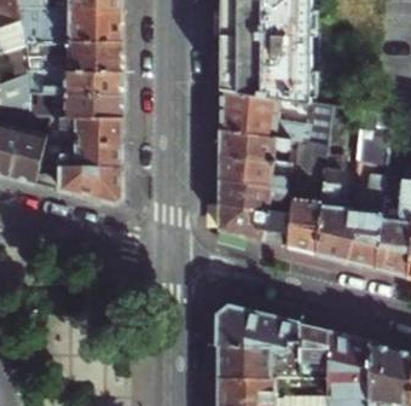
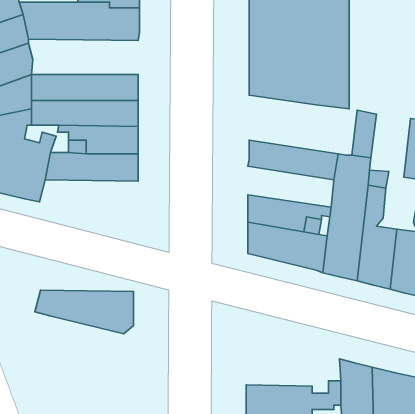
building: [25,40,122,71] -> none
building: [220,89,307,143] -> none
building: [219,152,295,188] -> none
building: [35,164,122,203] -> [35,290,133,334]
building: [218,304,301,353] -> none

